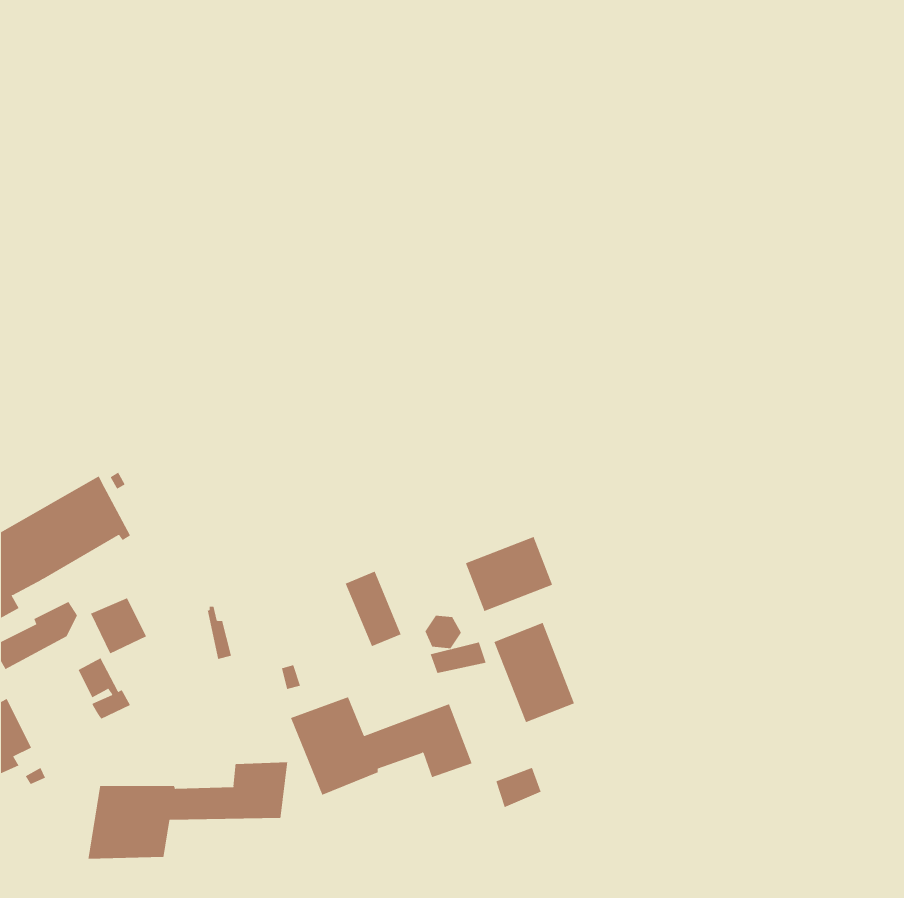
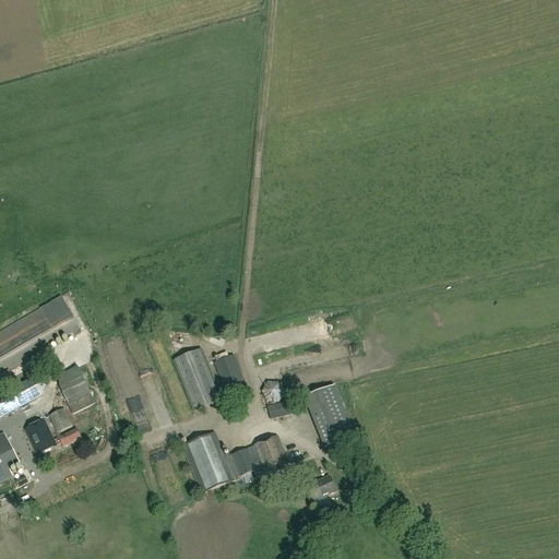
building: [465,536,553,612] -> none
building: none -> [174,348,219,409]
building: none -> [24,417,60,452]
building: [88,761,288,859] -> none

